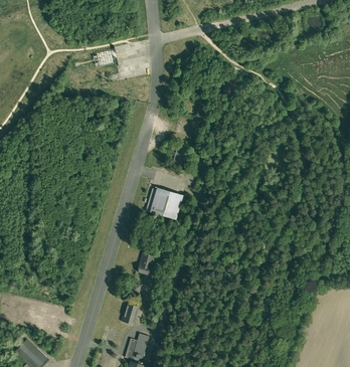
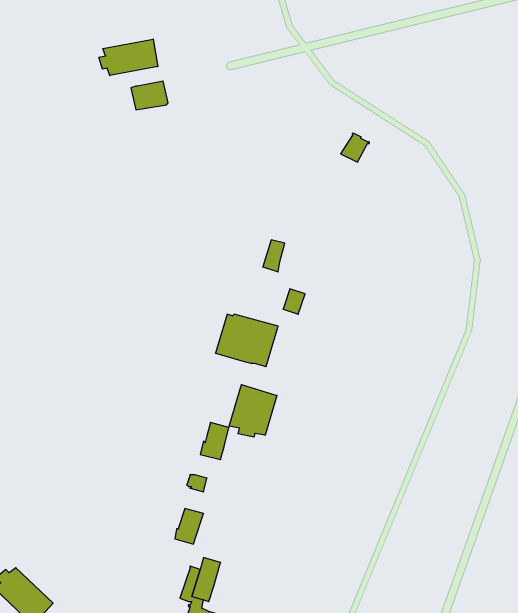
building: none -> [99,39,158,76]
building: none -> [229,385,277,437]

